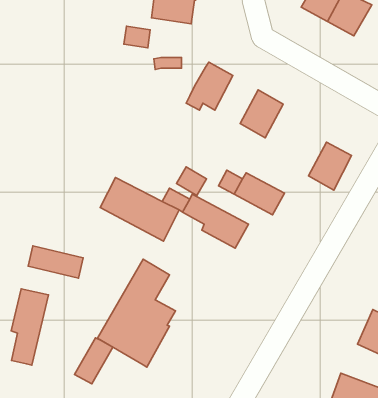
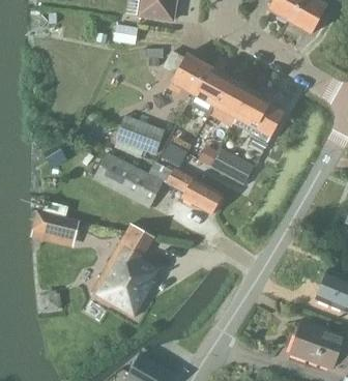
building: none -> [194,65,231,107]
building: none -> [114,115,165,157]
building: [309,142,352,190] -> [237,90,274,131]
building: [11,289,48,365] -> none
building: [74,338,113,384] -> none

